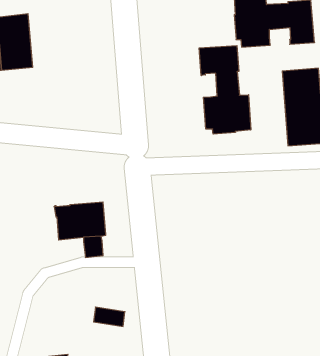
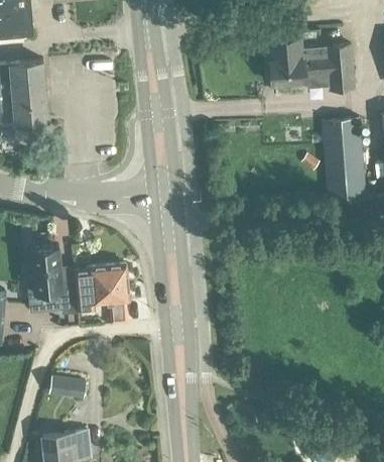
building: [199,46,251,134] -> none
building: none -> [28,245,78,311]
building: [94,307,125,326] -> [51,375,86,396]

